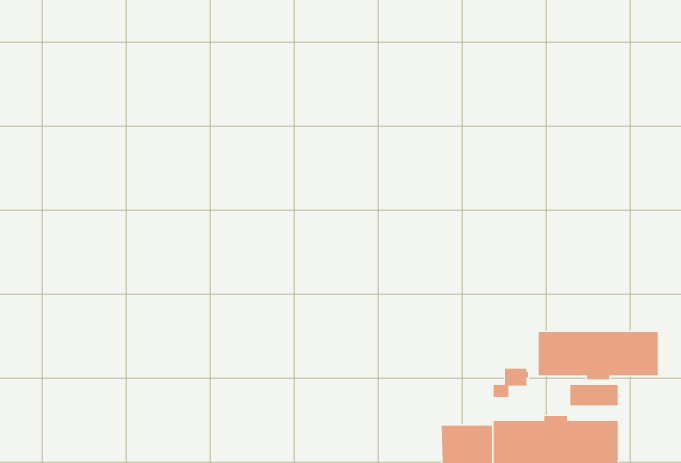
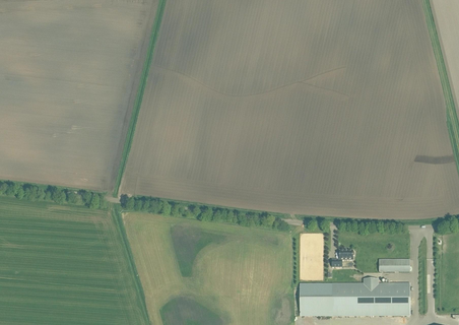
building: [538,331,658,380] -> none

